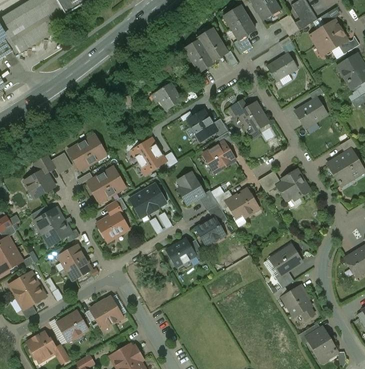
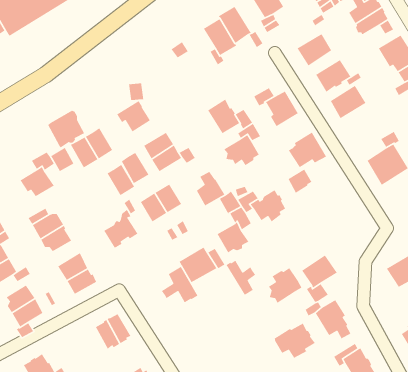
building: none -> [315,59,352,93]
building: [151,82,181,110] -> [116,100,150,132]
building: none -> [47,110,85,148]
building: [276,168,310,200] -> [288,131,327,168]
building: [87,174,112,202] -> [121,152,149,184]
building: none -> [226,260,256,296]
building: none -> [161,266,199,303]
building: none -> [268,267,303,304]
building: none -> [274,322,316,359]
building: [58,310,87,338] -> none

